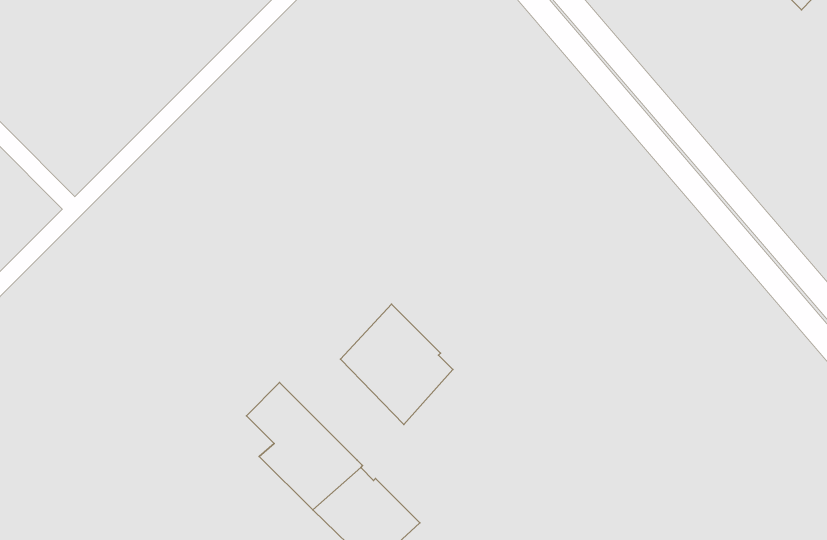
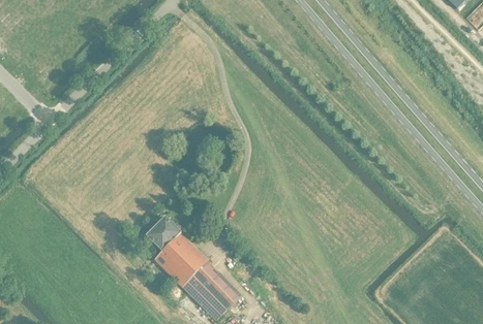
building: [341,304,453,425] -> none

